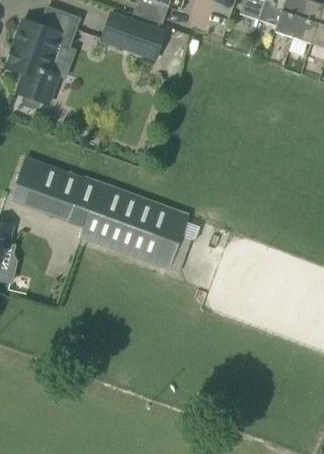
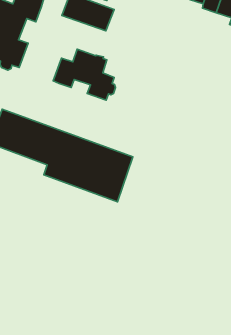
building: none -> [53,49,116,100]

